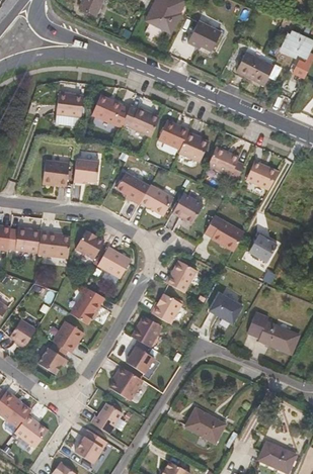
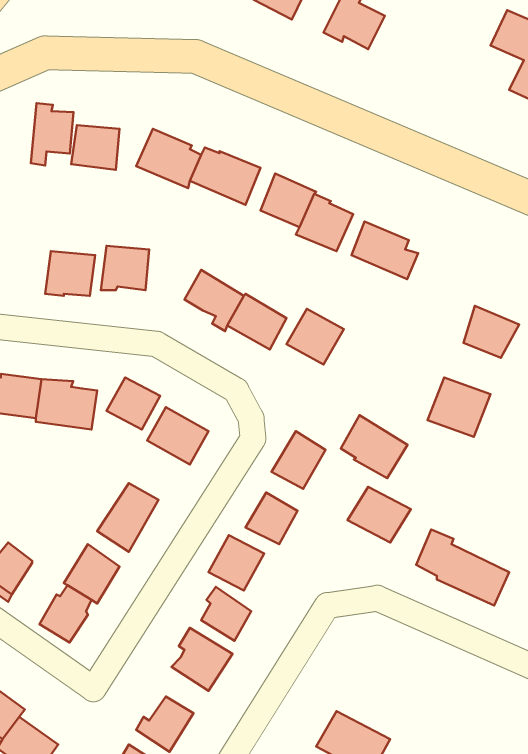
building: [238,50,276,83] -> none
building: none -> [31,103,73,165]
building: [246,158,277,186] -> [464,306,519,358]
building: [205,213,241,248] -> [341,415,408,478]

